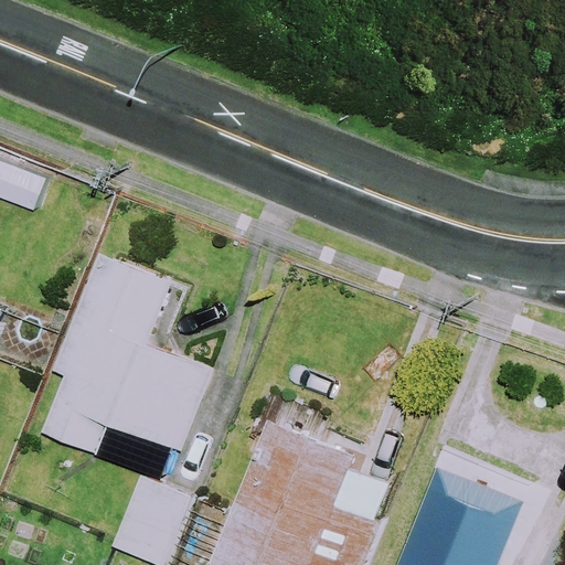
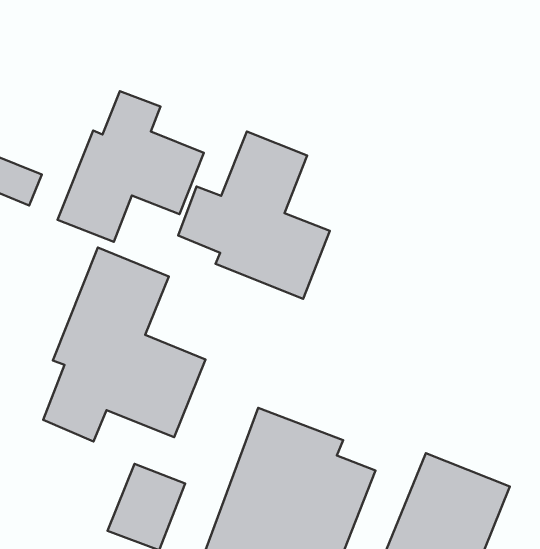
building: none -> [58,91,204,242]
building: none -> [178,132,330,299]

